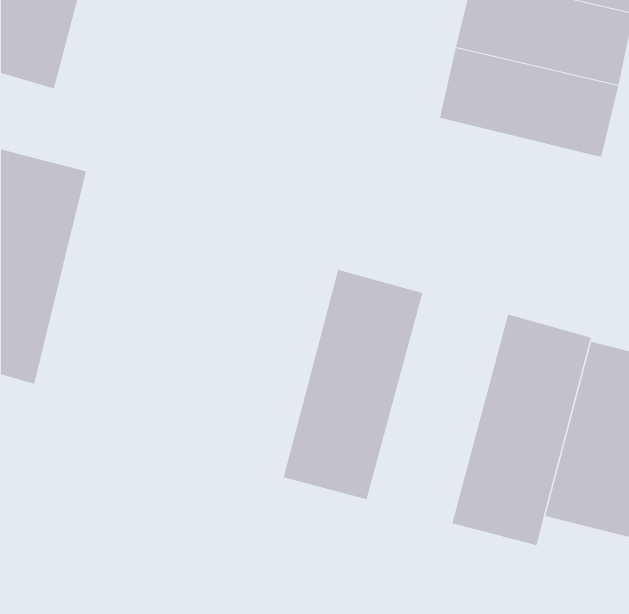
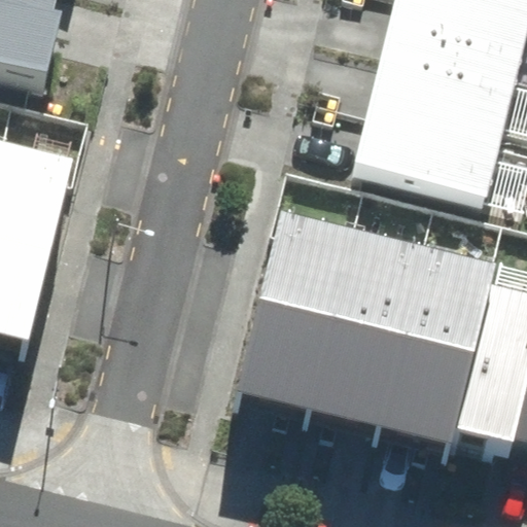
building: none -> [354,98,503,189]
building: none -> [309,243,425,434]

